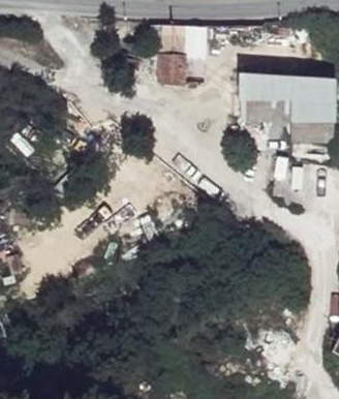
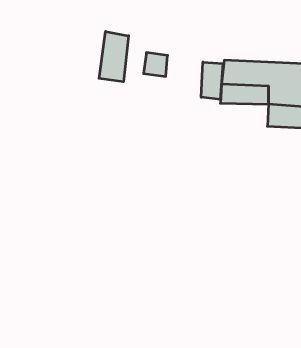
building: none -> [99,31,129,82]
building: none -> [201,62,223,100]

